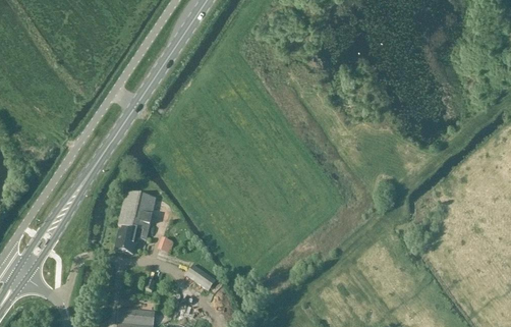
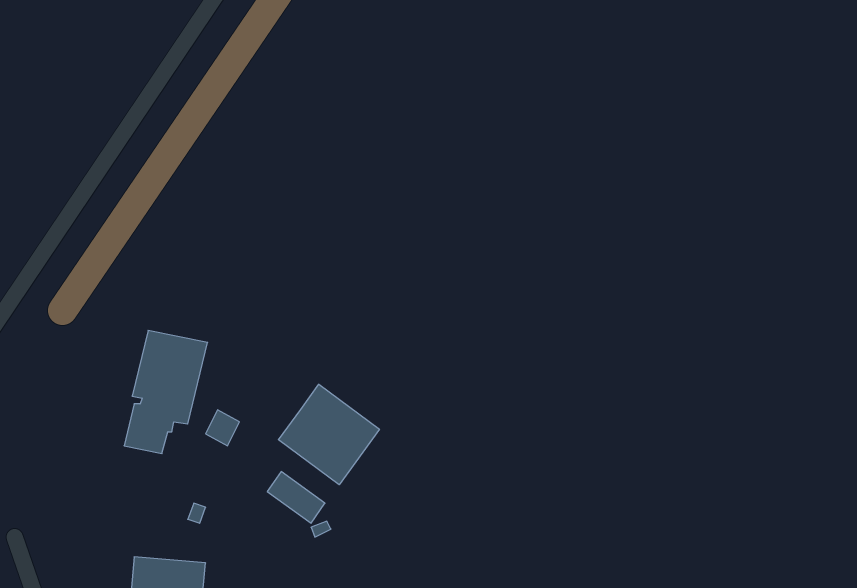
building: none -> [278,384,379,485]

